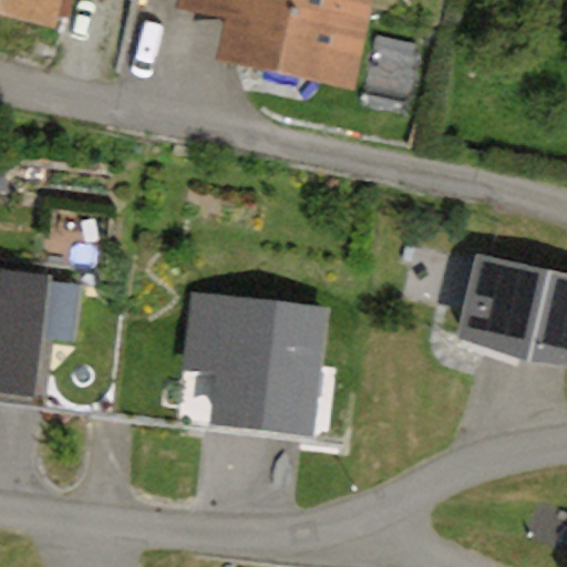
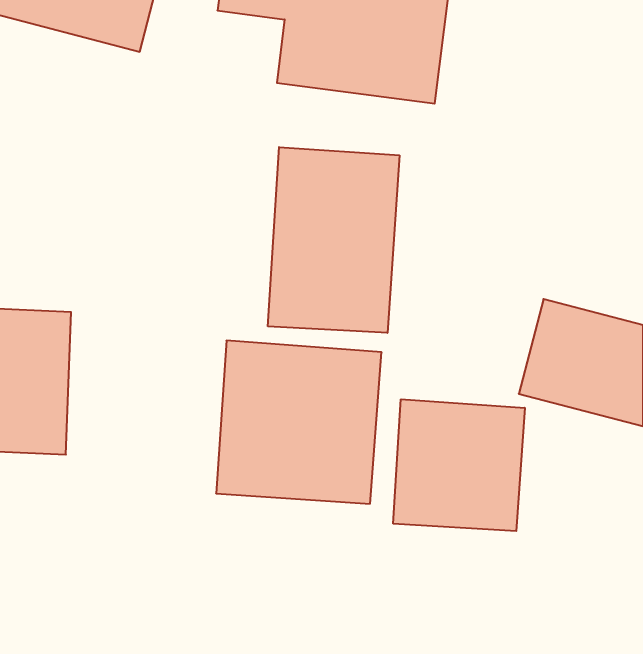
building: none -> [268,147,399,333]
building: none -> [393,399,525,531]

